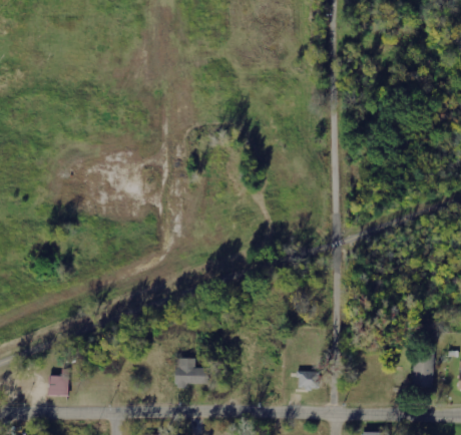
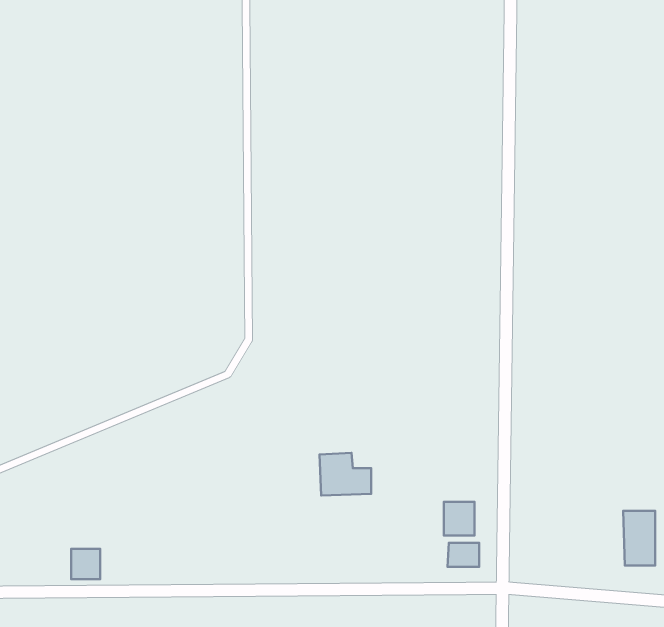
building: none -> [444,502,474,536]
building: [173,358,207,386] -> [320,453,371,495]

